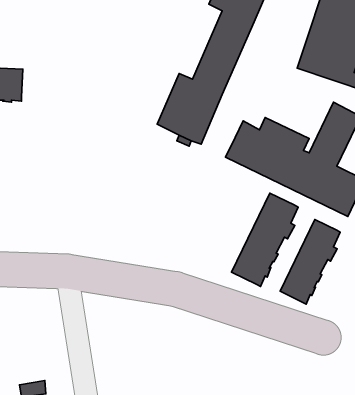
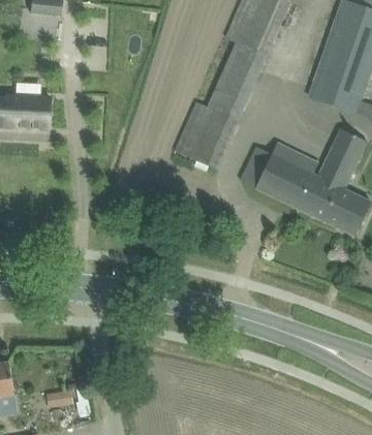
building: [231,193,298,287] -> none
building: [280,220,340,304] -> none

